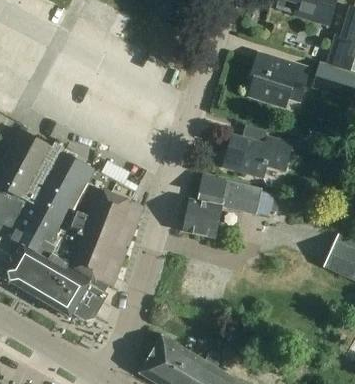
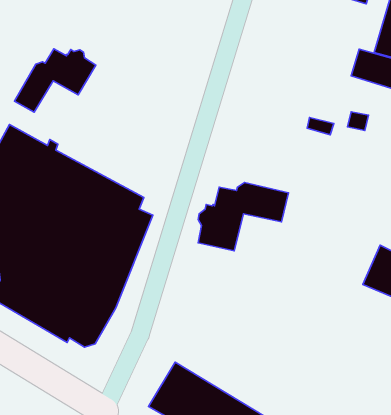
building: [247,54,309,106] -> none
building: none -> [15,49,96,112]
building: [225,135,292,177] -> none

